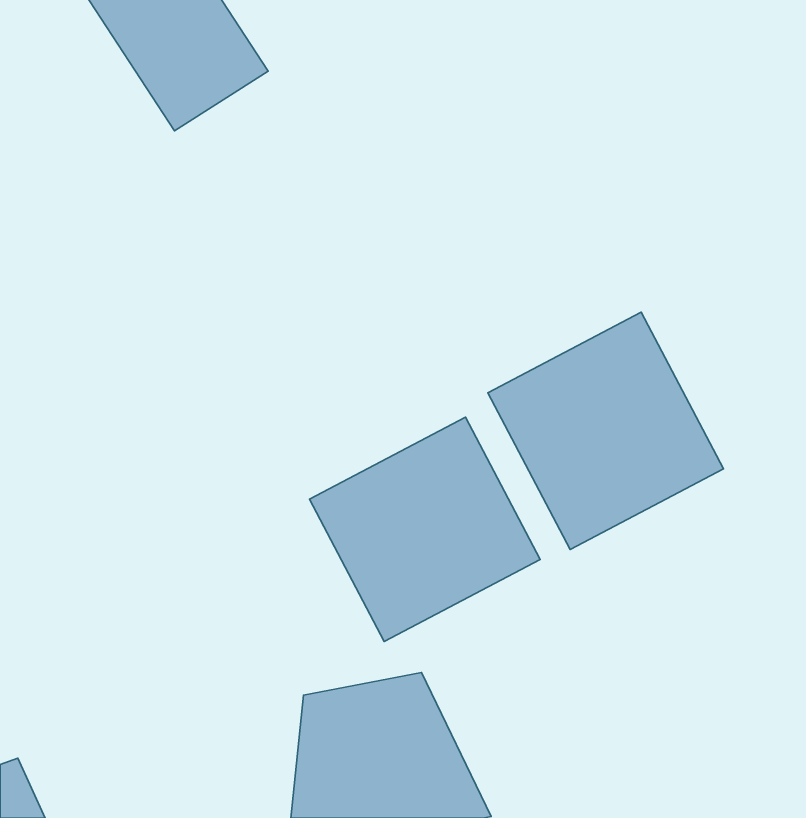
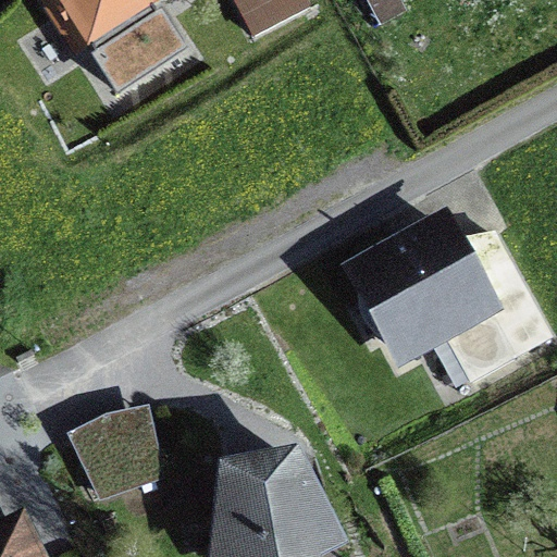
building: [309,417,540,642] -> none
building: none -> [70,406,158,497]

